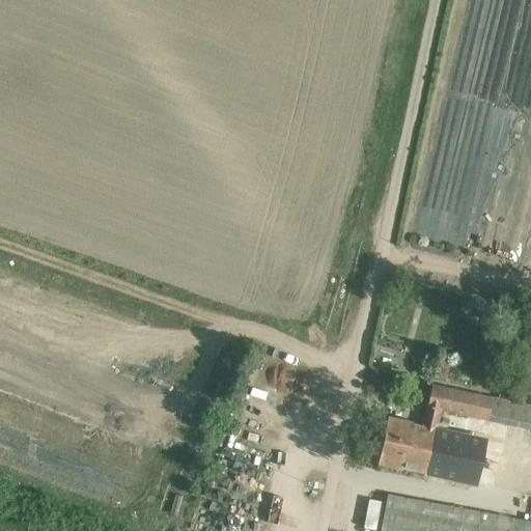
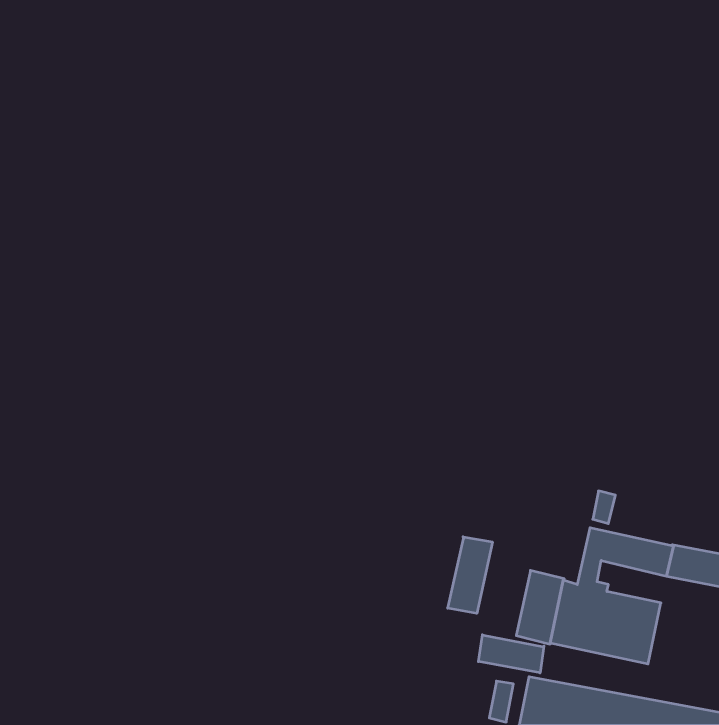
building: none -> [448,537,492,613]
building: none -> [478,635,544,673]

